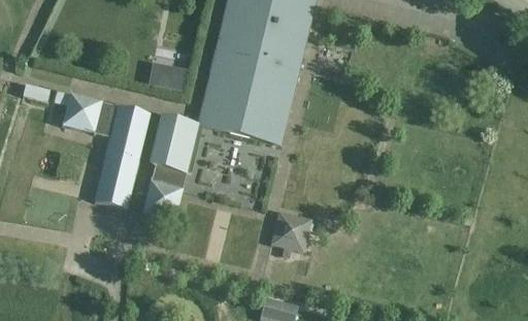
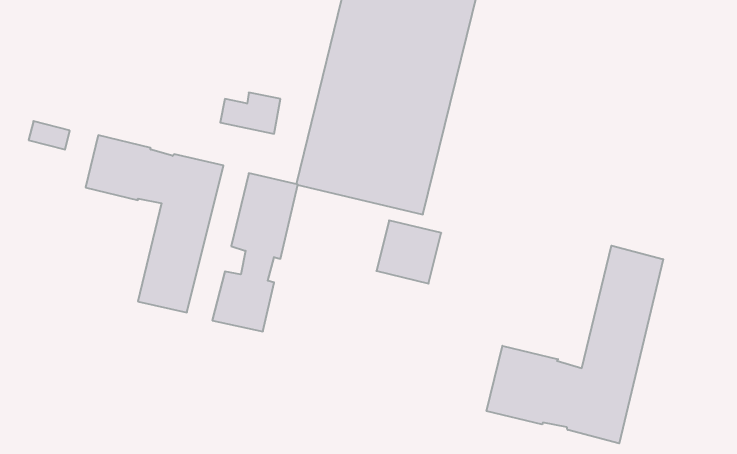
building: none -> [487,246,663,443]
building: [270,211,312,252] -> [376,220,441,284]

